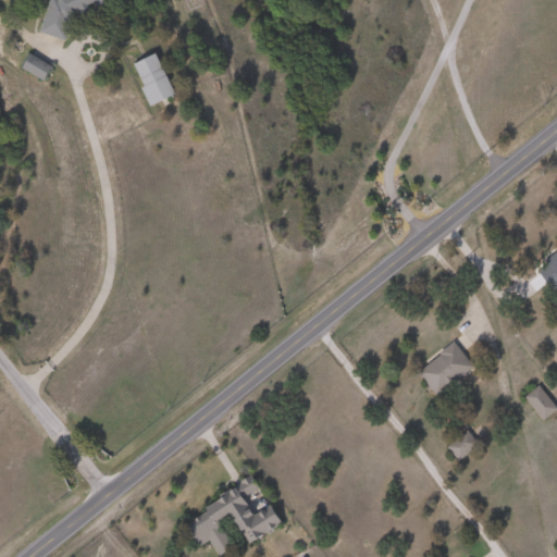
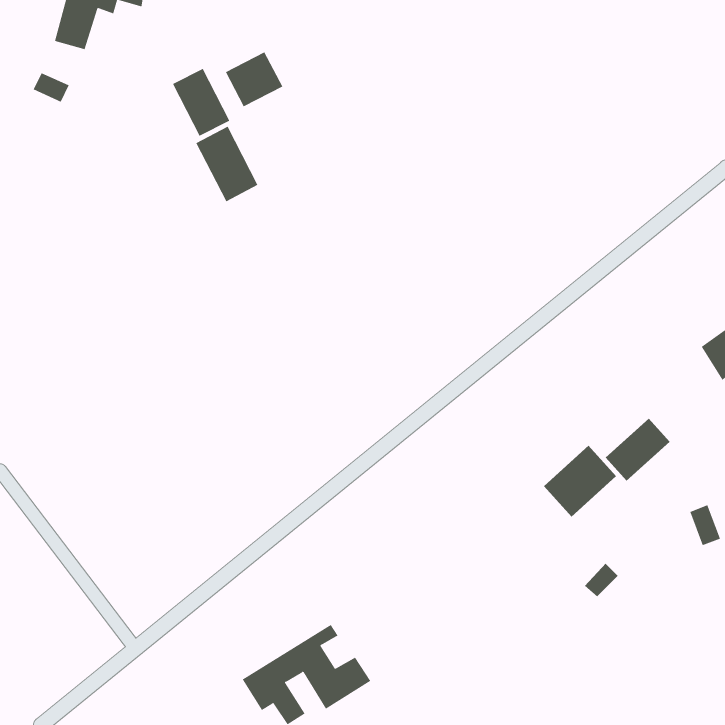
building: none -> [225,51,283,107]
building: none -> [196,126,258,202]
building: none -> [605,418,670,482]

